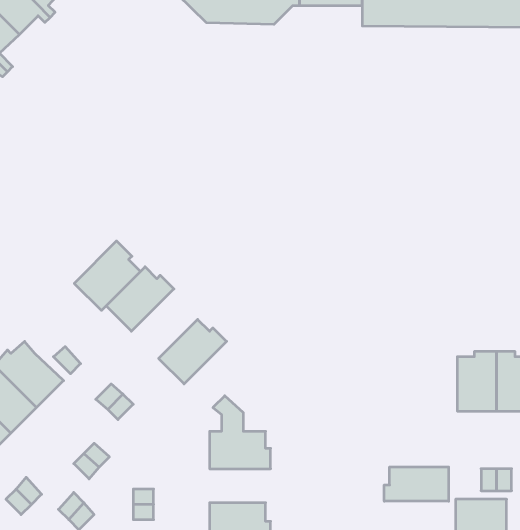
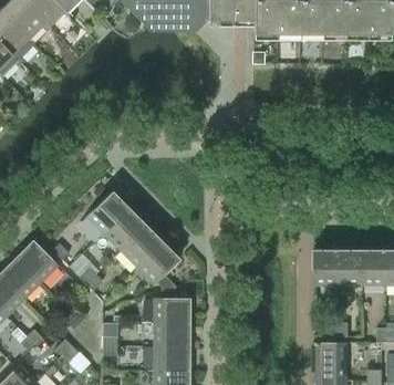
building: [74,241,140,310] -> [102,206,145,251]
building: none -> [136,240,179,285]
building: [384,467,449,501] -> none
building: none -> [153,323,193,345]

